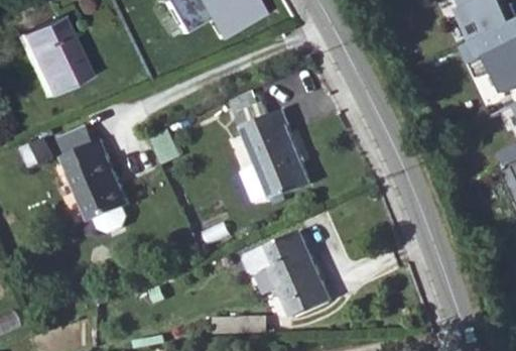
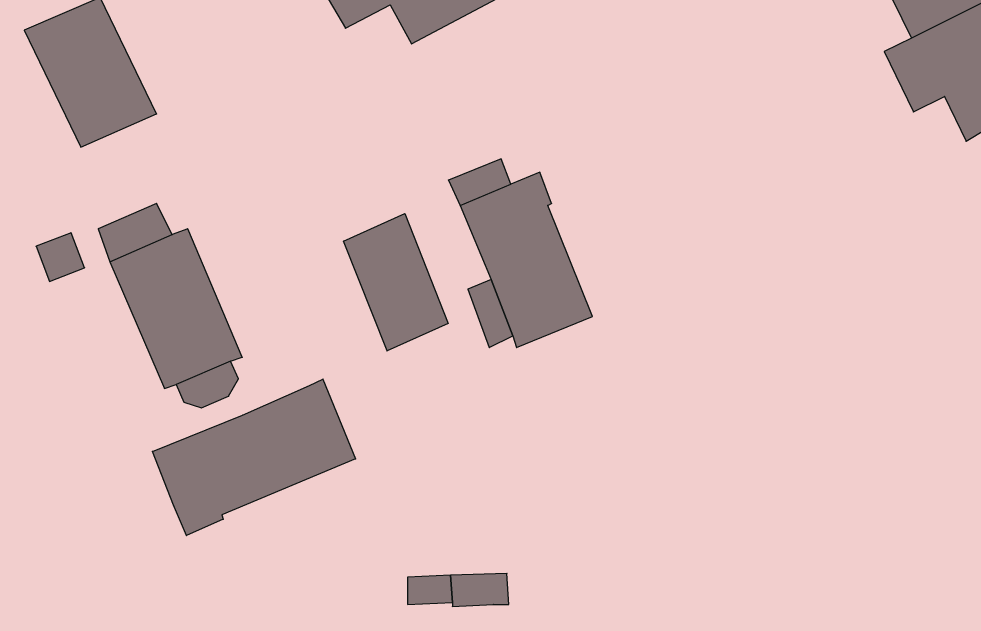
building: none -> [344,214,448,351]
building: none -> [152,379,356,536]
building: [245,231,330,316] -> none

